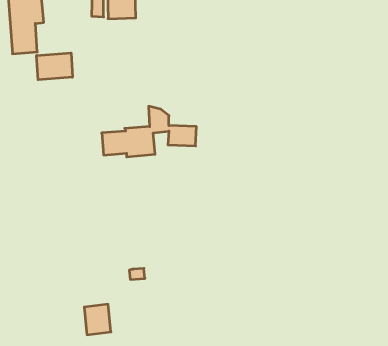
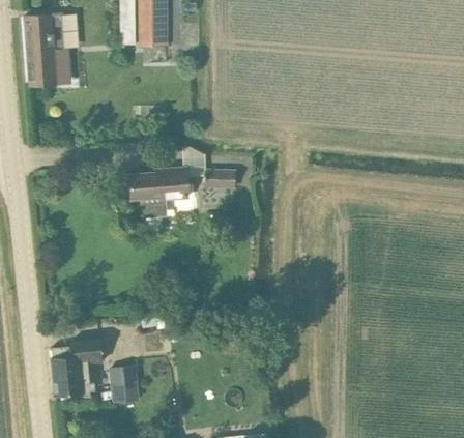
building: [37,53,72,80] -> none
building: none -> [53,341,103,397]

